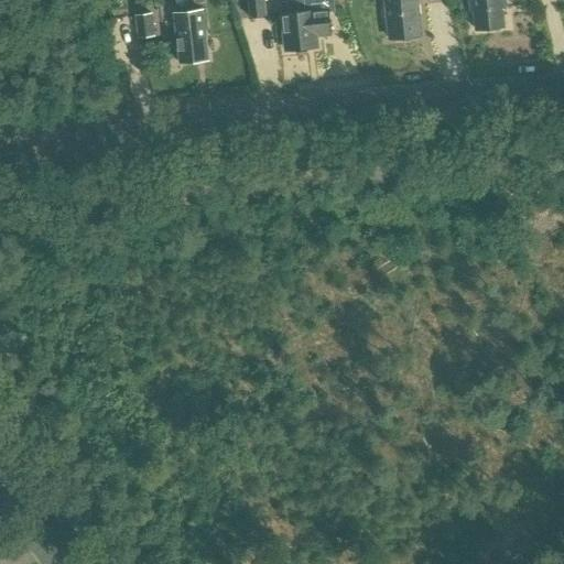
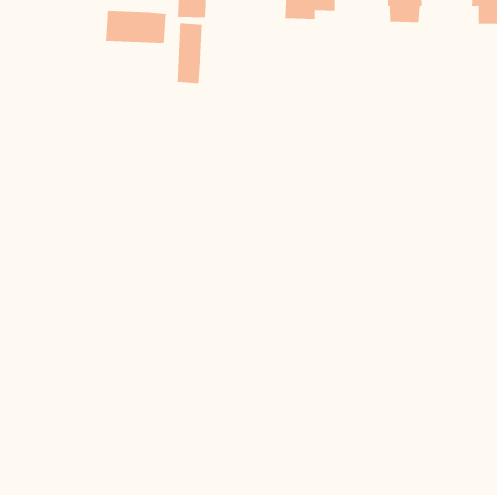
building: none -> [106,10,166,44]
building: none -> [177,22,202,84]

